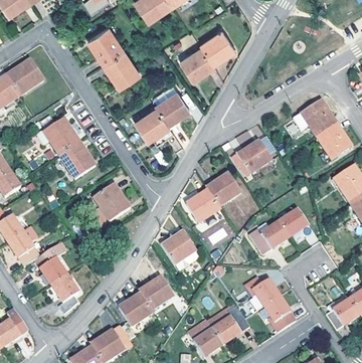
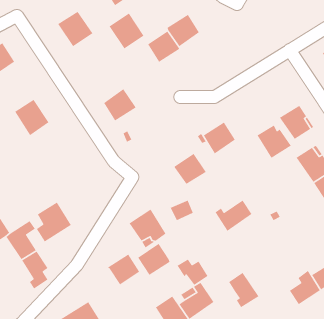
building: [103,51,140,89] -> [109,12,145,49]
building: [154,92,189,126] -> none
building: [300,103,336,138] -> [257,124,292,159]
building: [58,143,95,181] -> none
building: [92,185,129,227] -> [36,202,72,243]
building: [185,190,220,224] -> none
building: [278,210,307,237] -> none
building: [244,279,278,307] -> [176,259,209,286]
building: [118,294,152,328] -> [137,243,171,276]

